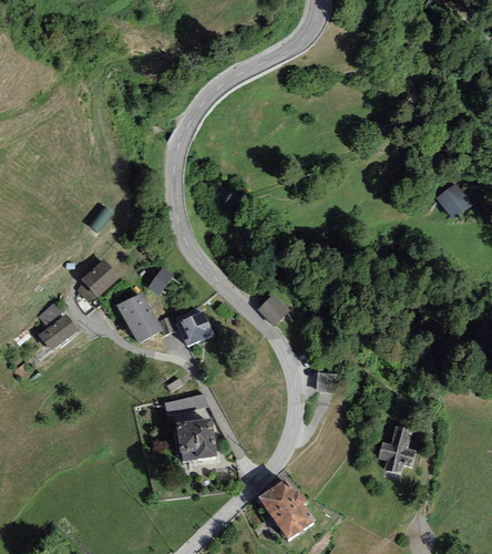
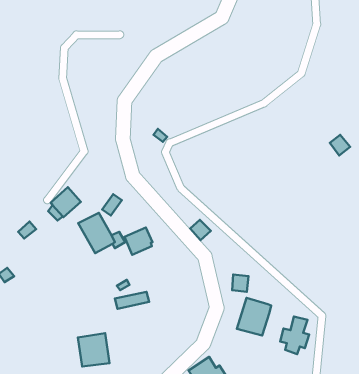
building: [37,314,76,350] -> none
building: none -> [237,298,271,336]
building: [175,417,216,460] -> [78,333,109,367]

